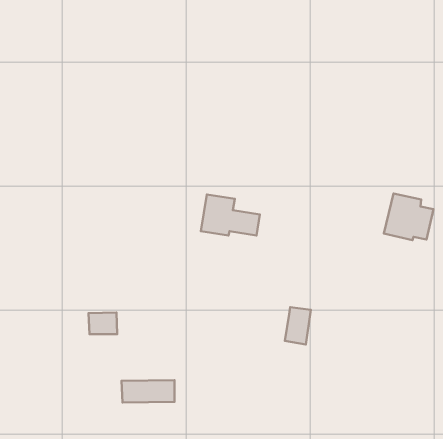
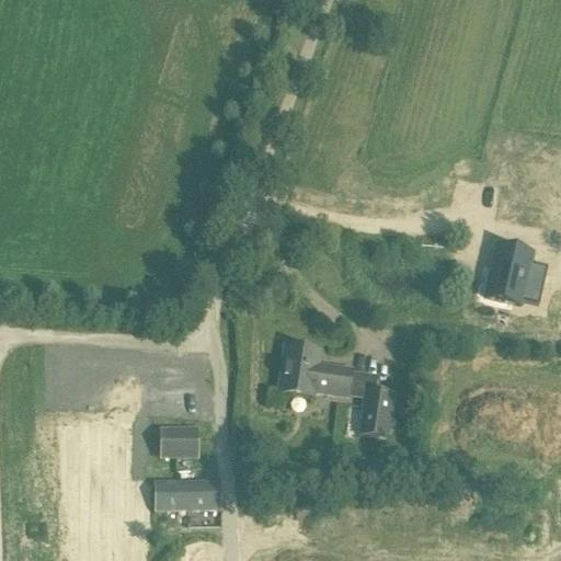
building: [201,195,260,235] -> [278,343,353,394]
building: [89,312,117,334] -> [162,426,198,454]

